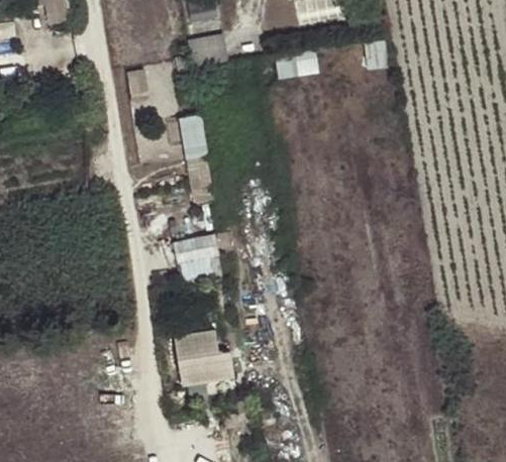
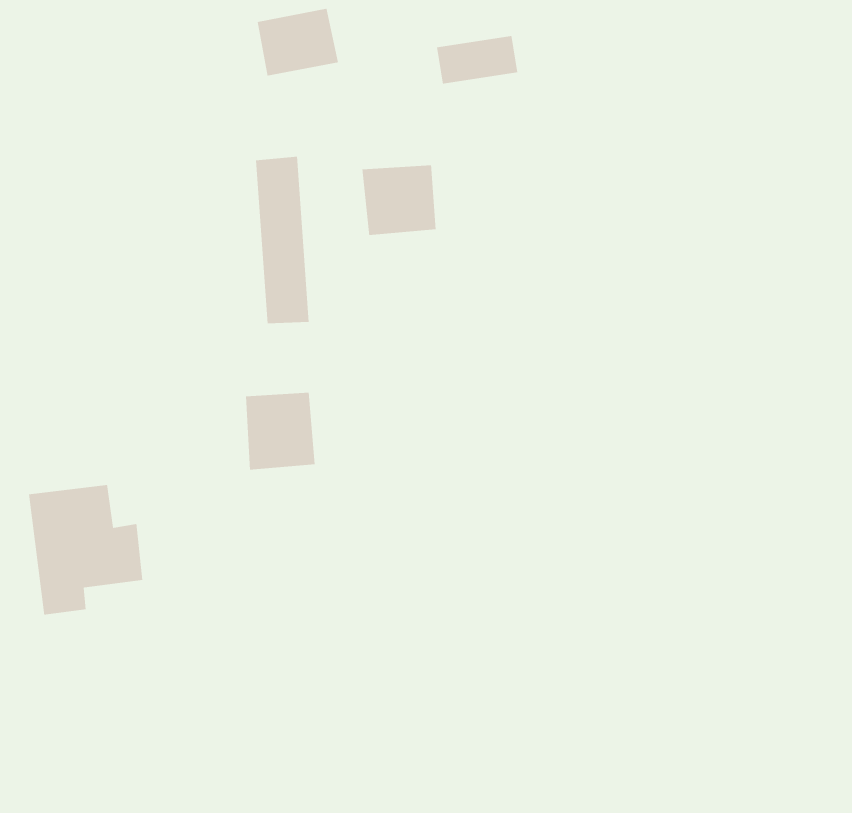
building: none -> [362,164,436,236]
building: [176,329,235,396] -> [28,485,143,615]

